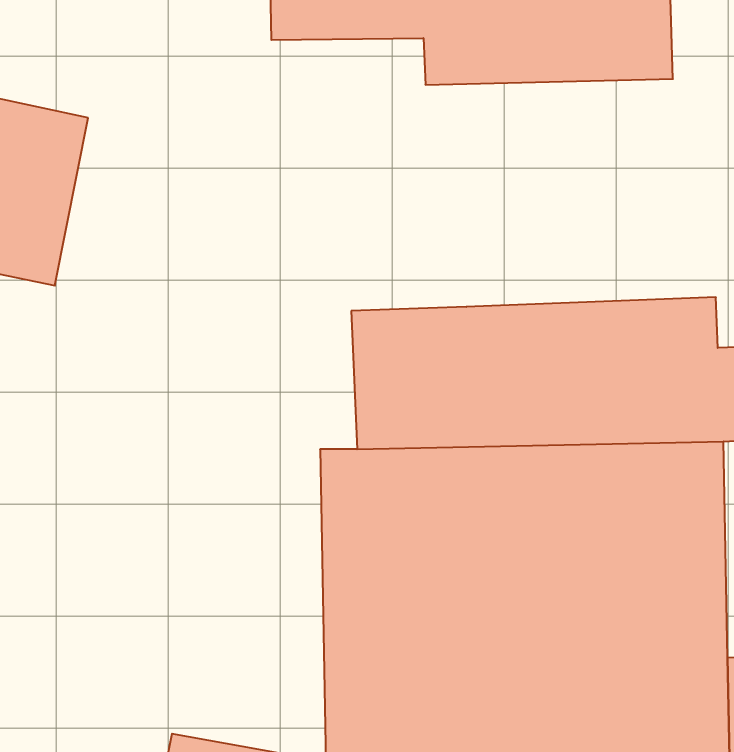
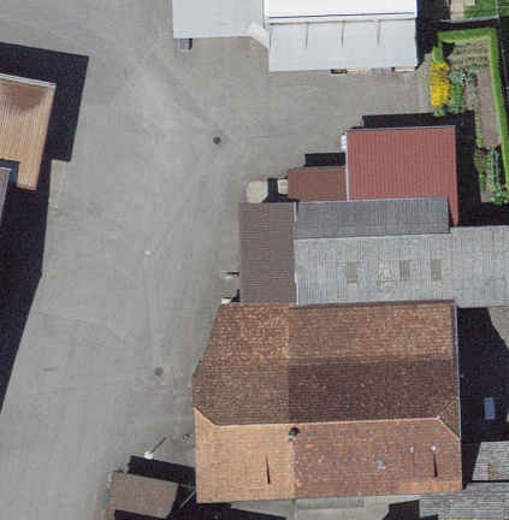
building: none -> [290,110,451,218]

